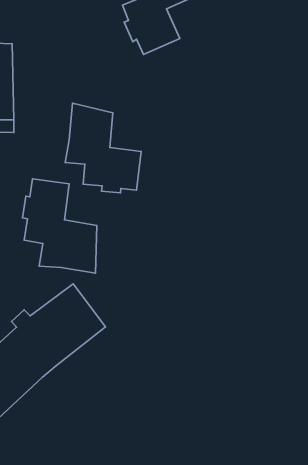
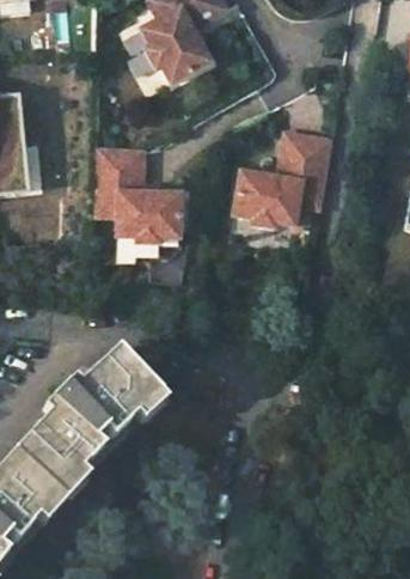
building: none -> [231,134,331,227]
building: [22,179,97,273] -> none

